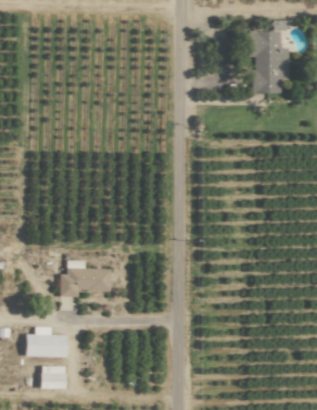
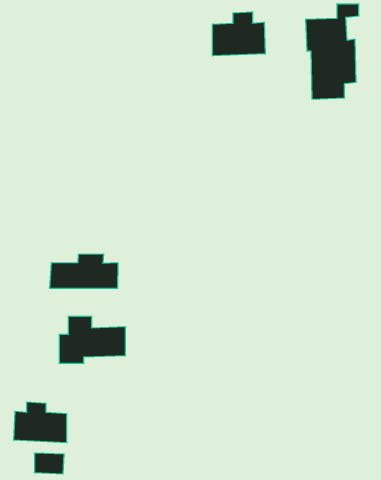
building: none -> [212,12,265,56]
building: none -> [50,254,118,288]

